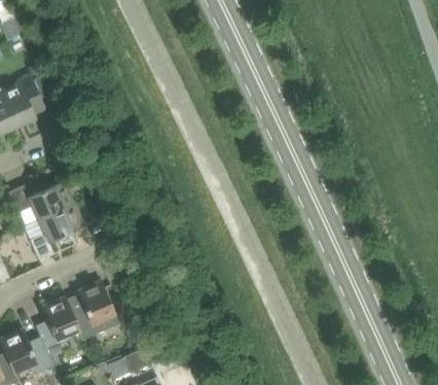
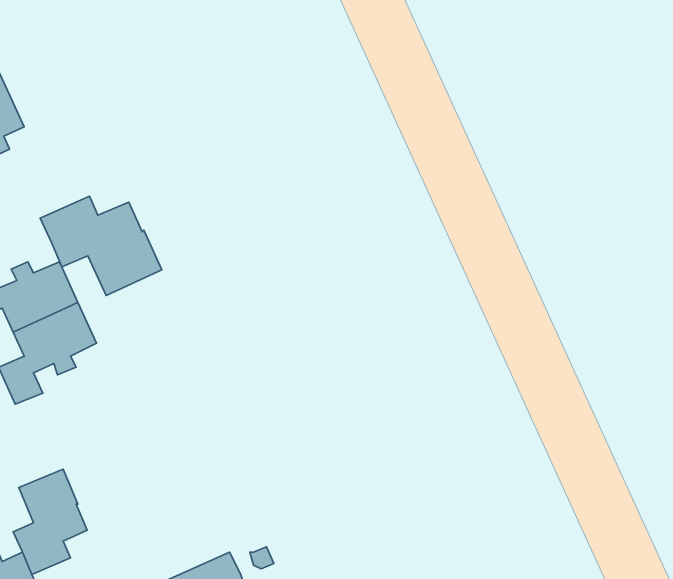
building: none -> [40,196,162,296]
building: [72,280,119,339] -> none

